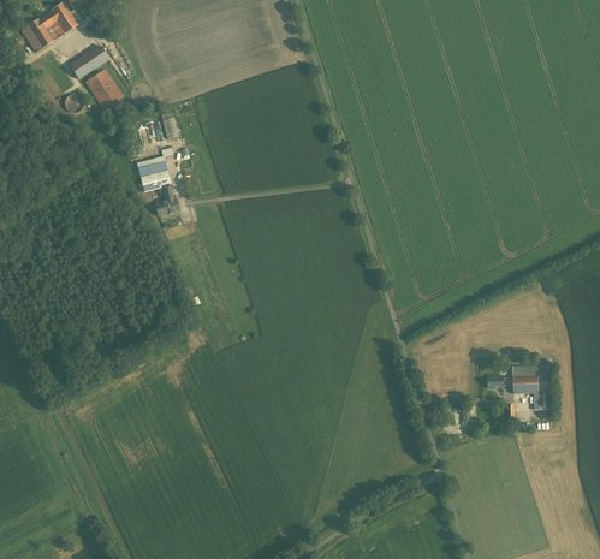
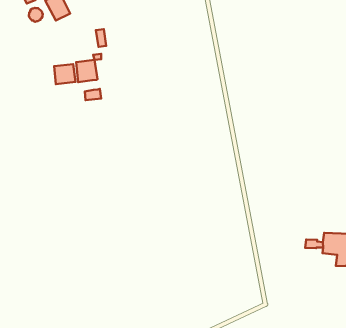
building: none -> [54,64,76,84]

